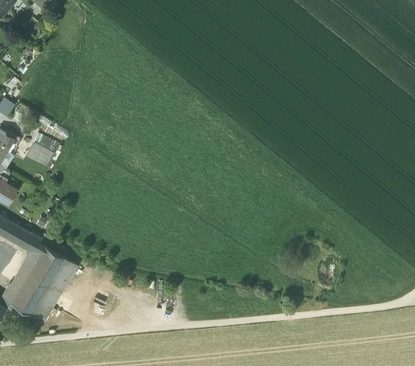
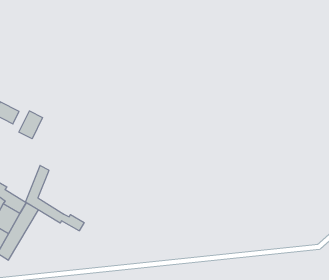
building: none -> [19,111,43,139]
building: none -> [25,165,84,231]

